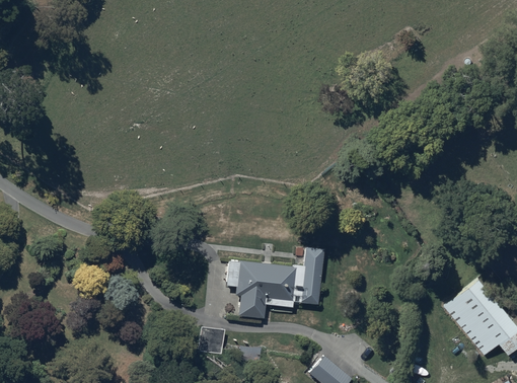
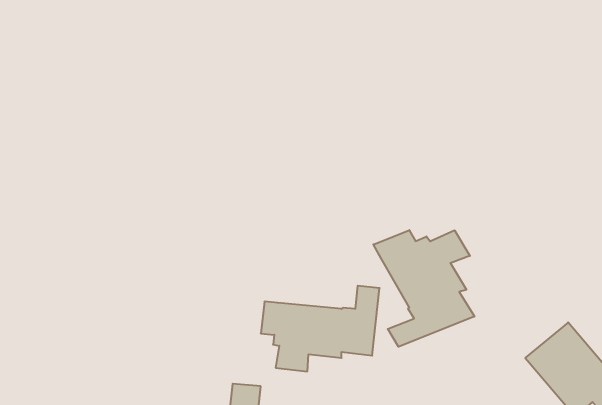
building: none -> [373,230,474,347]

